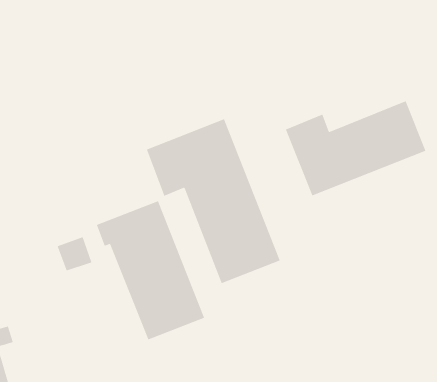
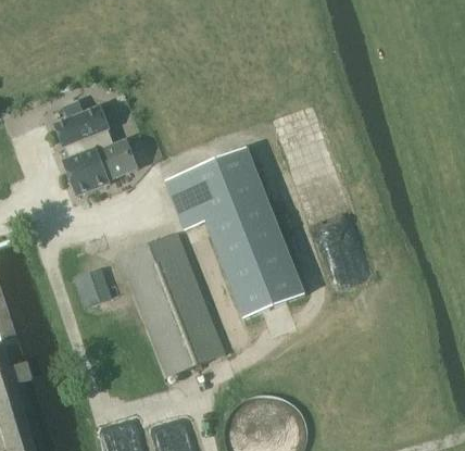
building: none -> [54,100,136,195]
building: [285,100,426,197] -> none

